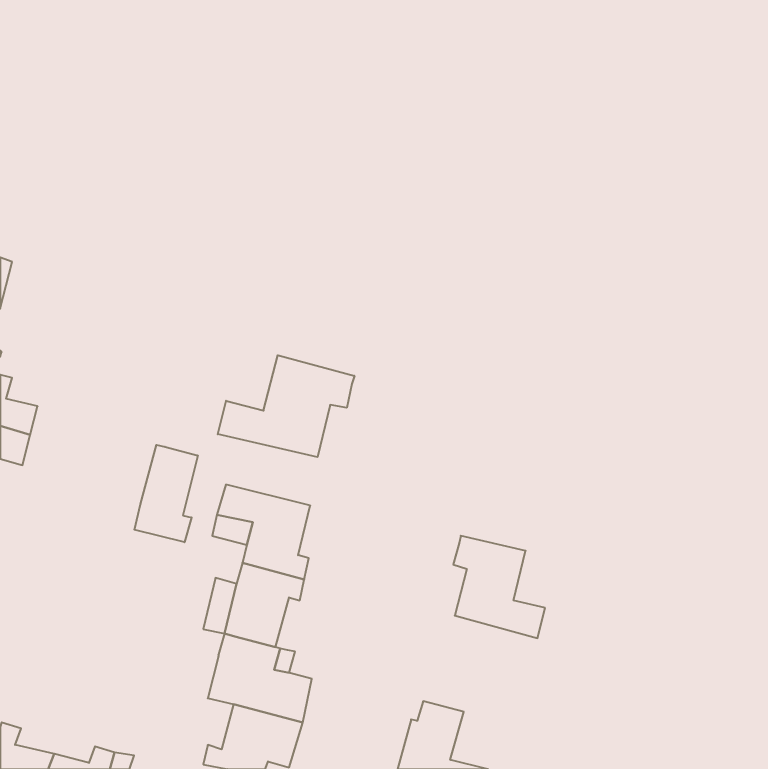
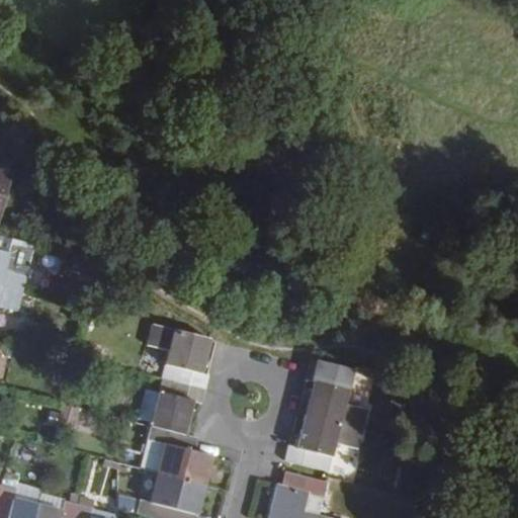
building: [218,355,354,457] -> none
building: [134,445,198,542] -> none
building: none -> [285,414,362,468]

